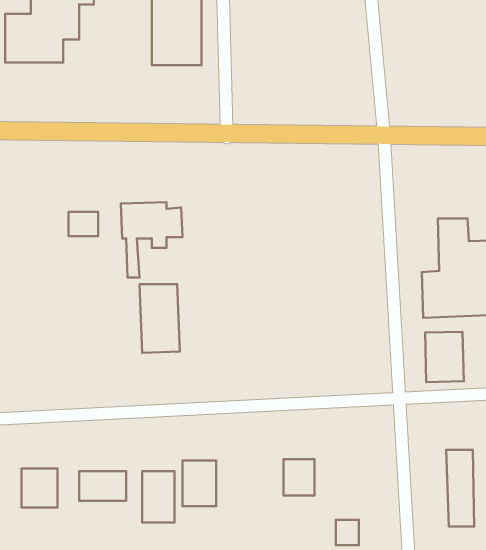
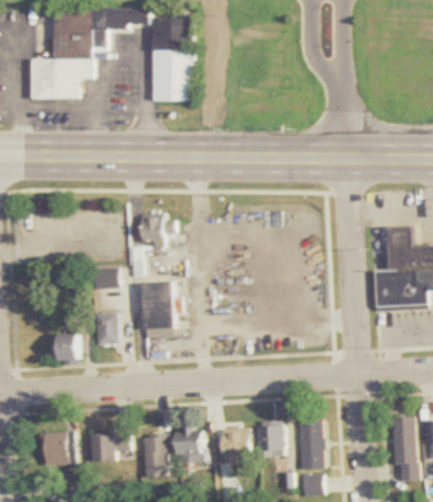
building: [68,212,98,236] -> [94,269,118,289]
building: none -> [97,313,117,345]
building: [425,332,464,382] -> none
building: none -> [60,335,80,362]
building: none -> [298,421,324,469]
building: none -> [223,428,251,461]

